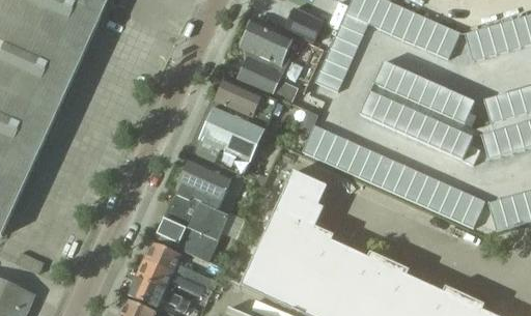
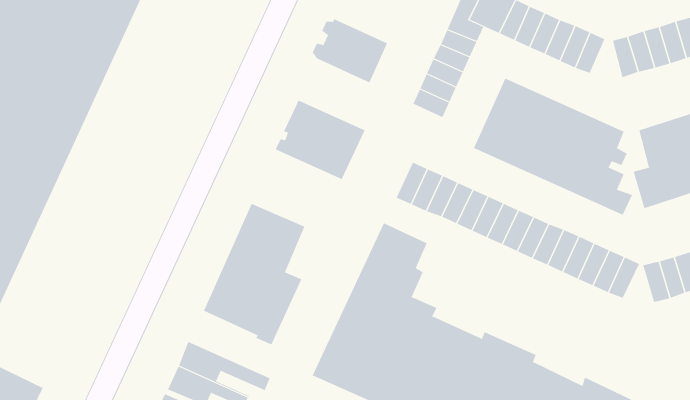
building: [282,9,322,42] -> none
building: [235,56,282,96] -> none
building: [194,115,260,175] -> none
building: [144,241,211,287] -> none

